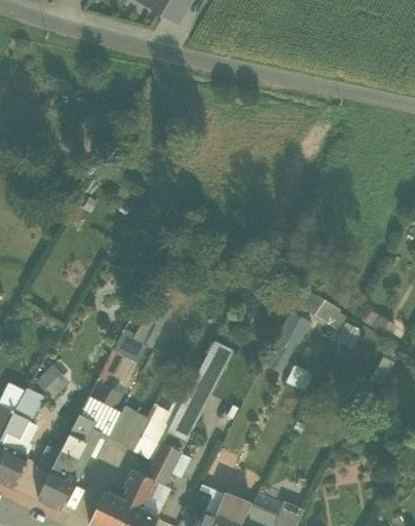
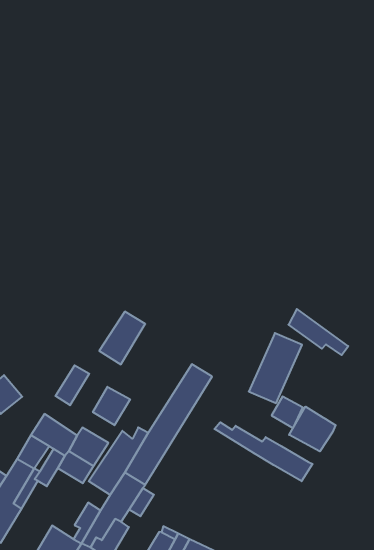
building: none -> [93,387,130,425]
building: none -> [289,407,336,451]
building: none -> [214,422,313,481]

